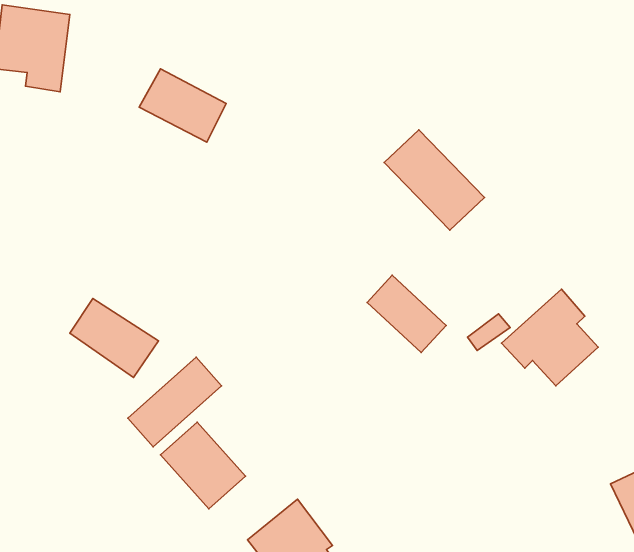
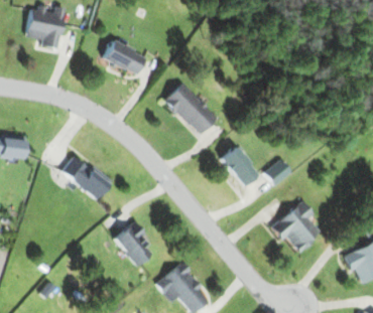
building: [384,130,484,230] -> [164,82,217,134]
building: [502,289,598,386] -> [272,201,323,252]
building: [128,357,222,447] -> none

